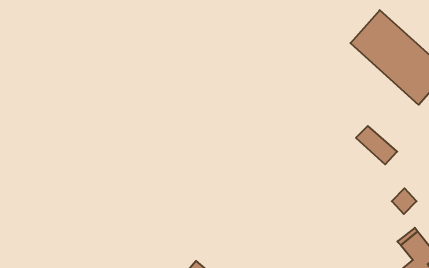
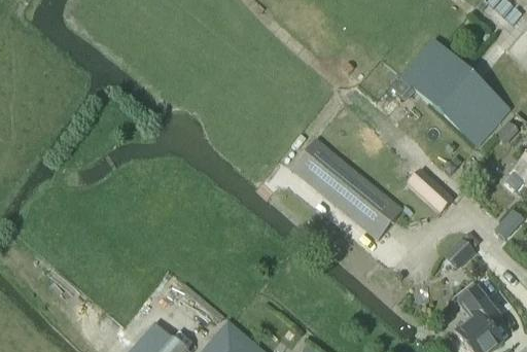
building: none -> [290,137,401,238]

